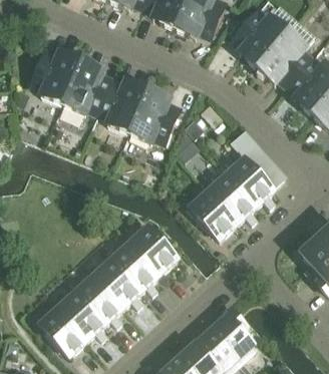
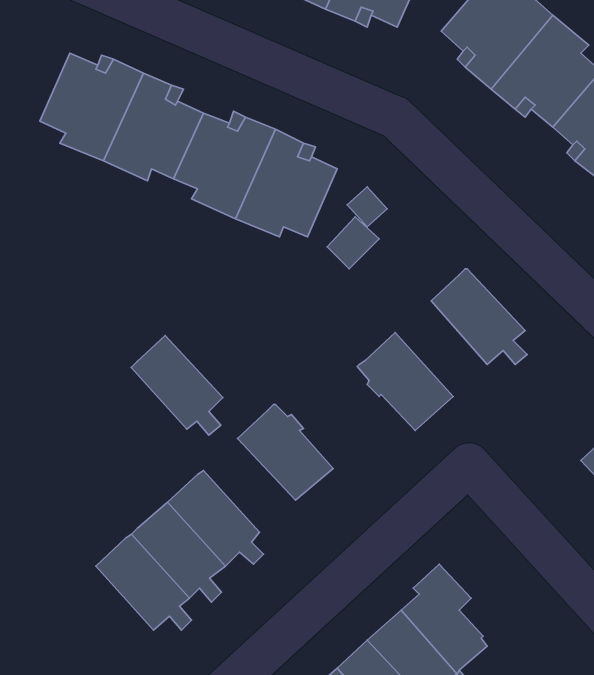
building: [209,172,257,221] -> none
building: [112,242,158,292] -> [131,335,223,435]
building: [40,306,87,354] -> none

